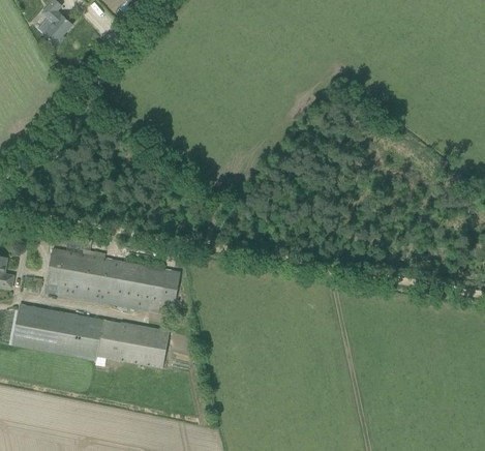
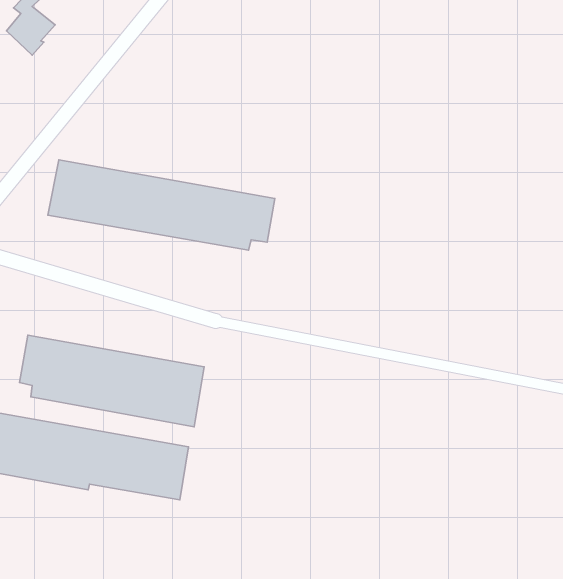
building: none -> [48,160,275,250]

